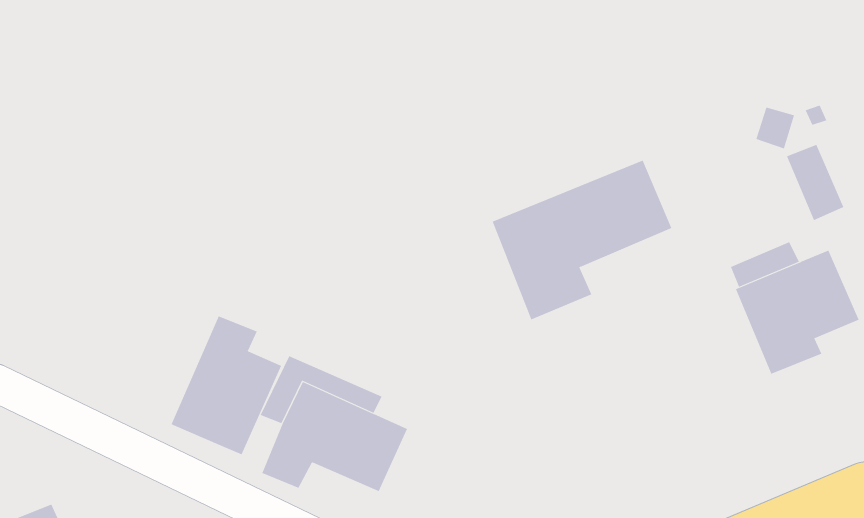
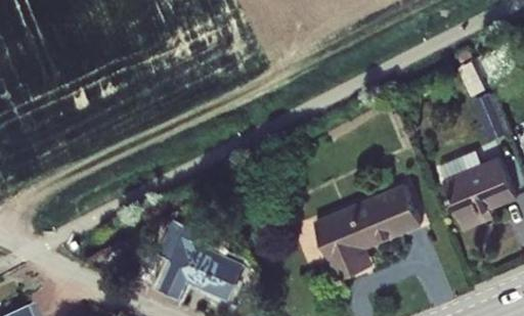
building: [492,160,672,320] -> [313,181,422,277]
building: [171,315,282,455] -> none

